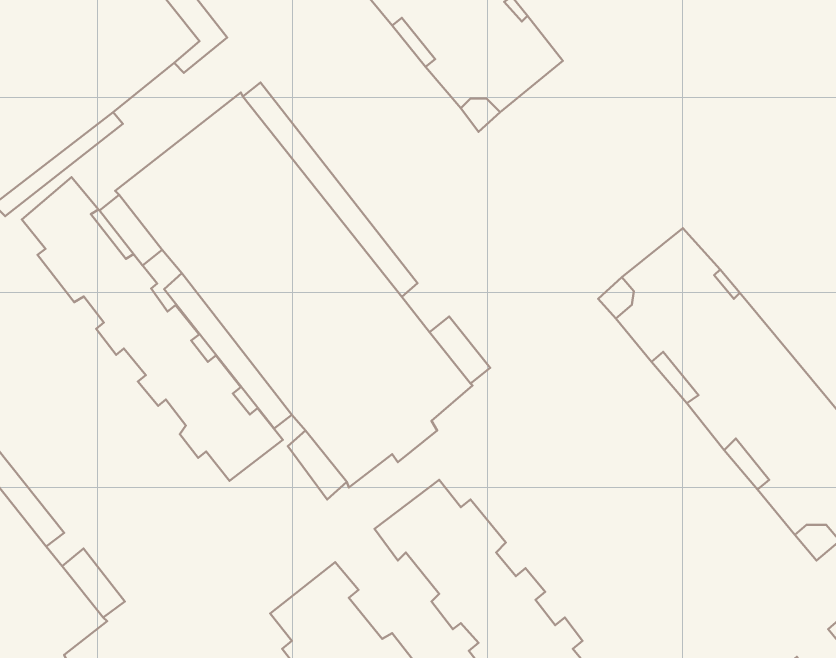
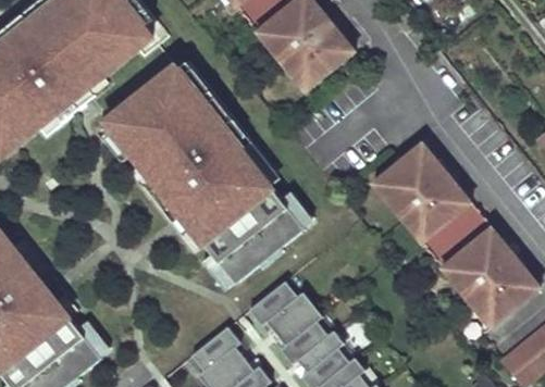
building: [22,177,283,481] -> none

